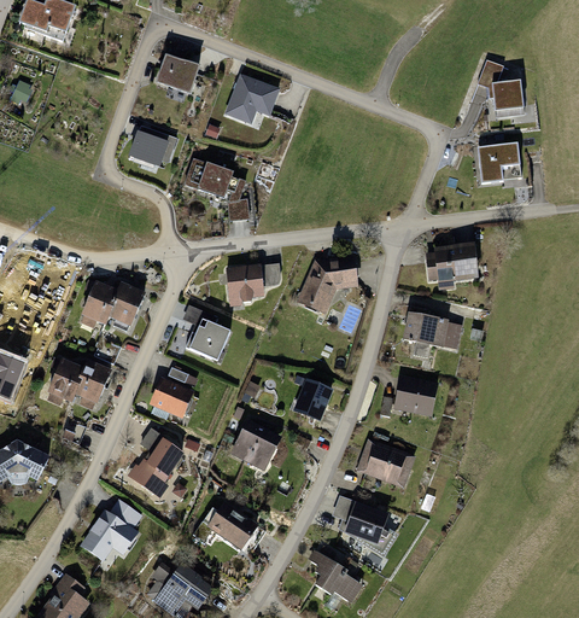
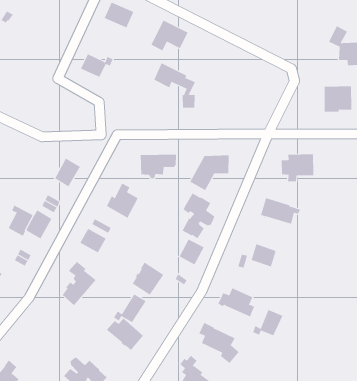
building: [185,158,247,220] -> [153,63,196,108]
building: [82,280,117,323] -> none
building: none -> [182,192,215,239]
building: none -> [113,294,146,323]
building: none -> [252,309,283,336]
building: [82,500,139,558] -> none

